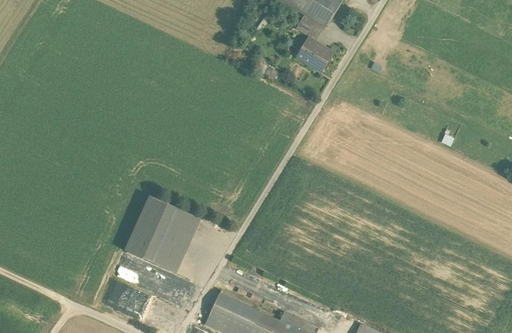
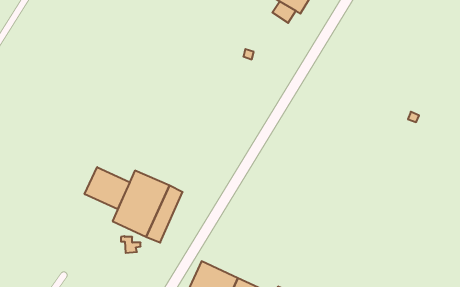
building: [302,38,331,71] -> none
building: none -> [85,167,130,209]

